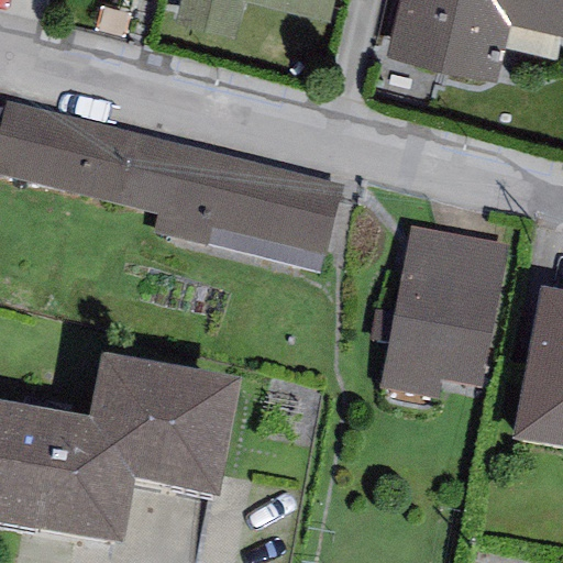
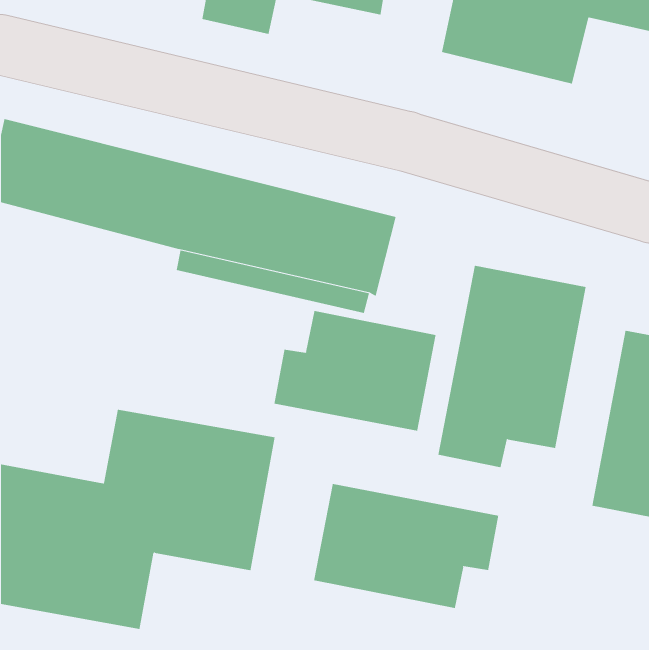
building: none -> [274,310,436,432]
building: none -> [314,483,499,609]

